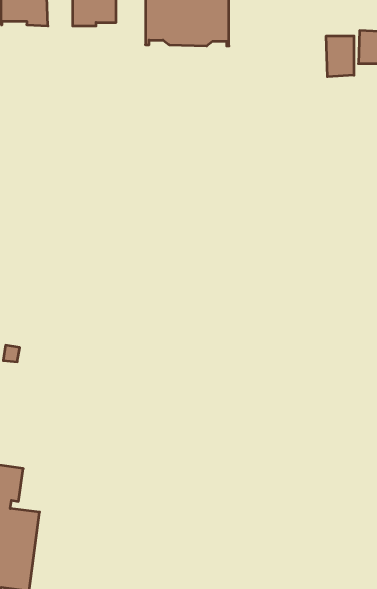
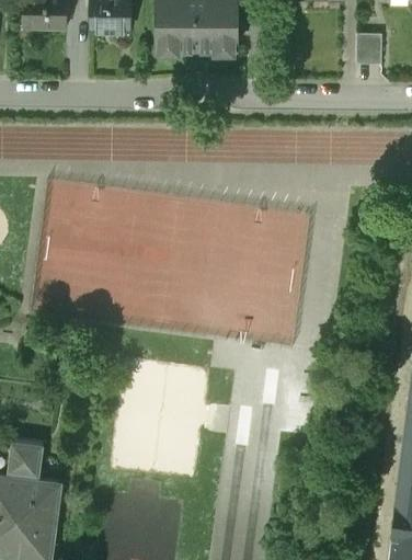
building: [326,36,354,77] -> none

